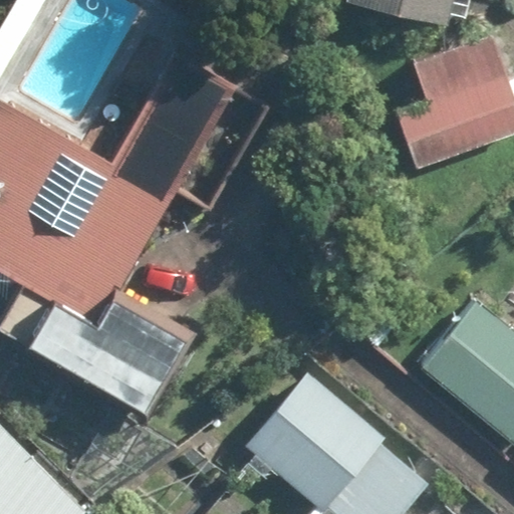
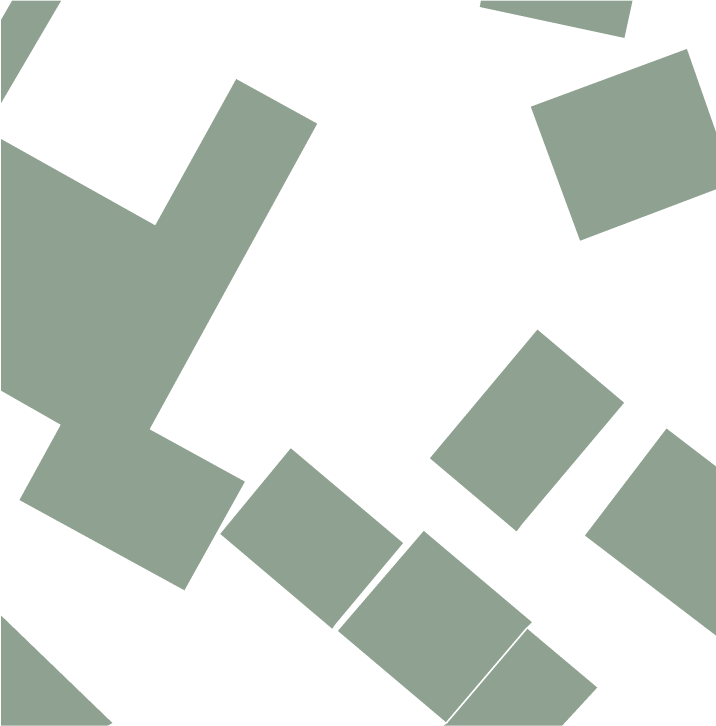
building: none -> [429,328,625,533]
building: none -> [219,447,404,630]

